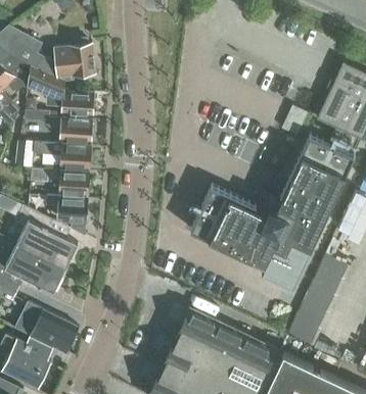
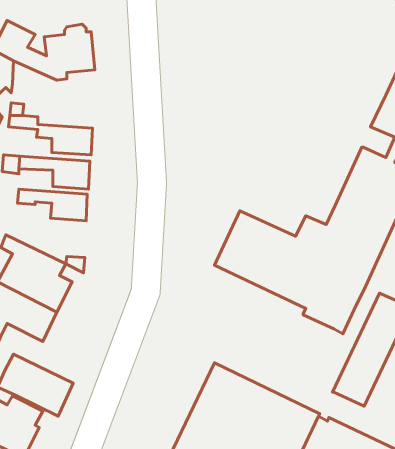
building: [28,68,93,115] -> none
building: [45,199,87,223] -> none

